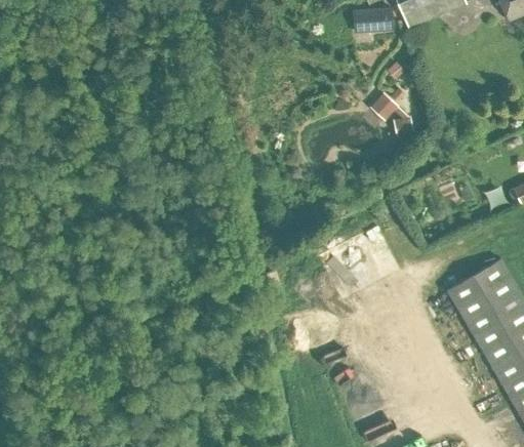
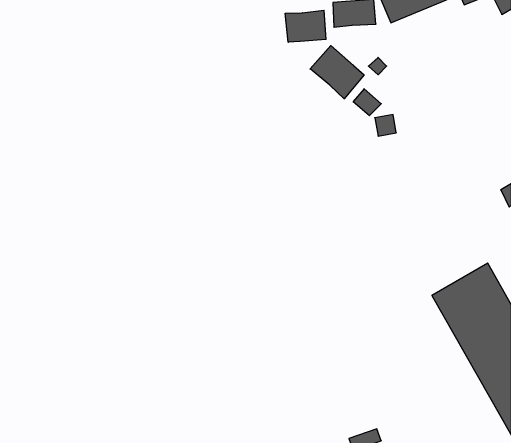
building: none -> [285,10,326,42]
building: none -> [310,46,364,99]

